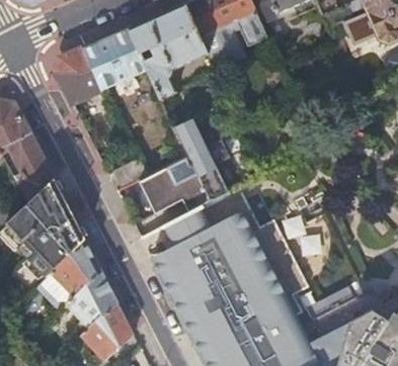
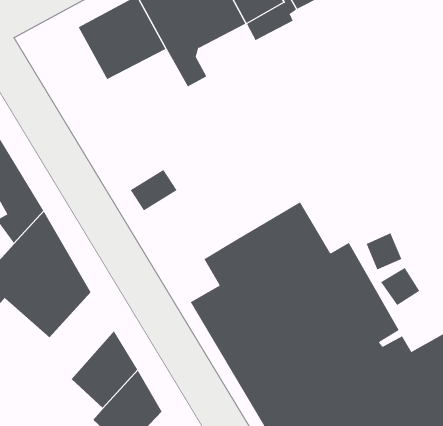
building: [57,48,102,101] -> none
building: [141,114,233,213] -> none
building: [48,245,96,300] -> none

